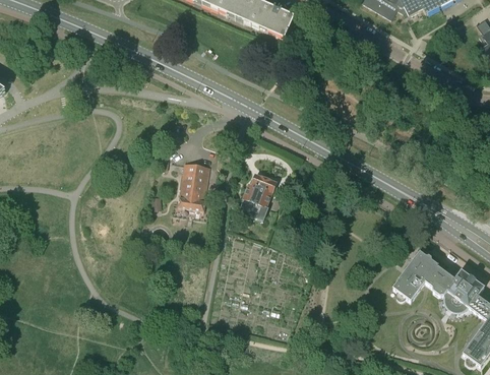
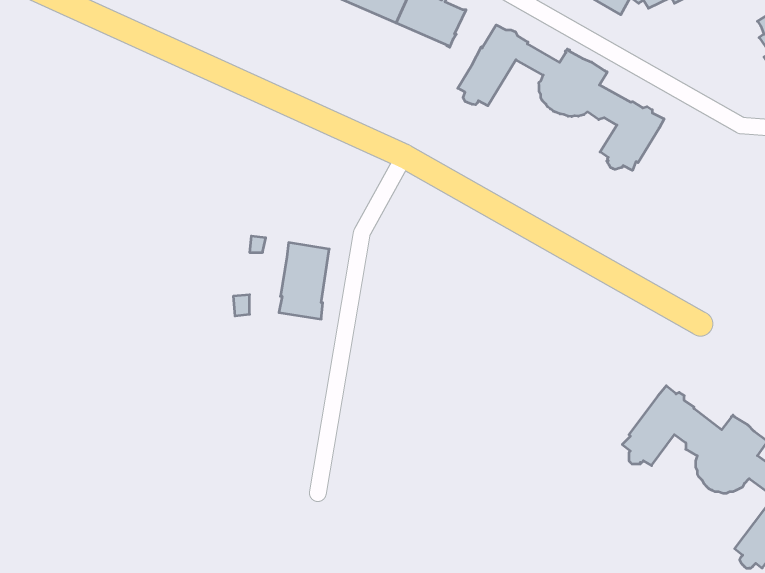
building: none -> [458,25,664,170]
building: [240,175,277,221] -> none

